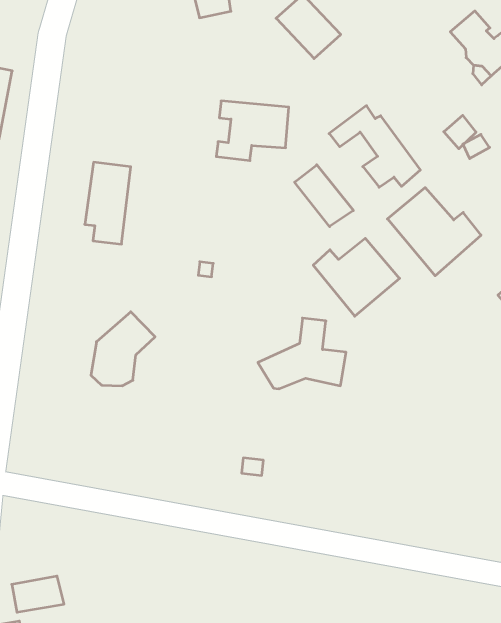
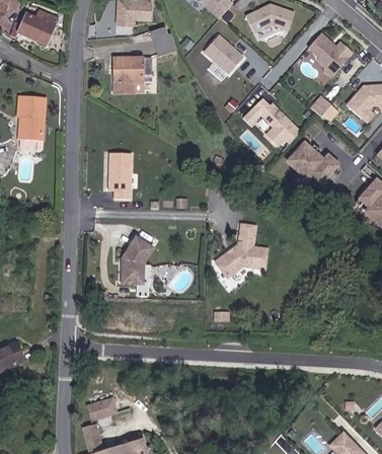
building: [216,101,289,161] -> [111,58,153,92]
building: [295,165,353,227] -> none
building: [313,238,400,316] -> none

